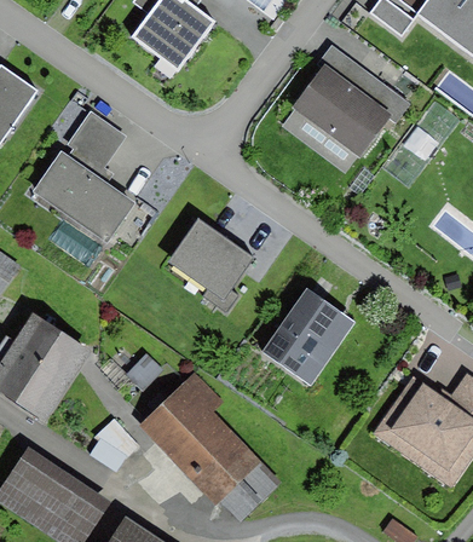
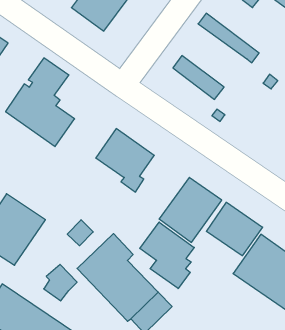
building: [293,64,392,156] -> none
building: none -> [206,202,263,256]
building: none -> [140,222,194,289]

